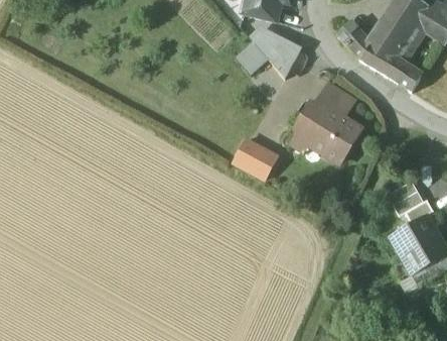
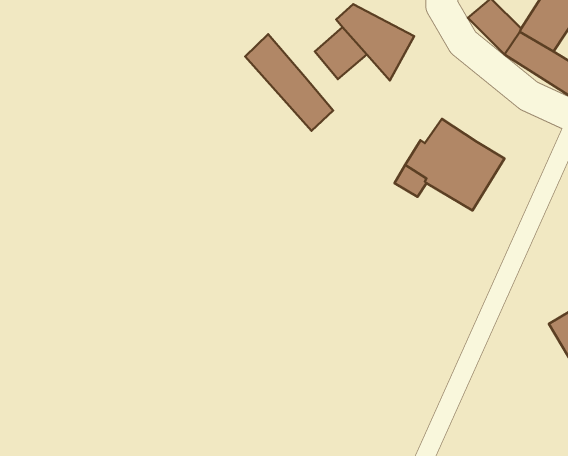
building: none -> [245,34,333,131]
building: [315,80,354,116] -> none
building: [232,133,281,180] -> none

